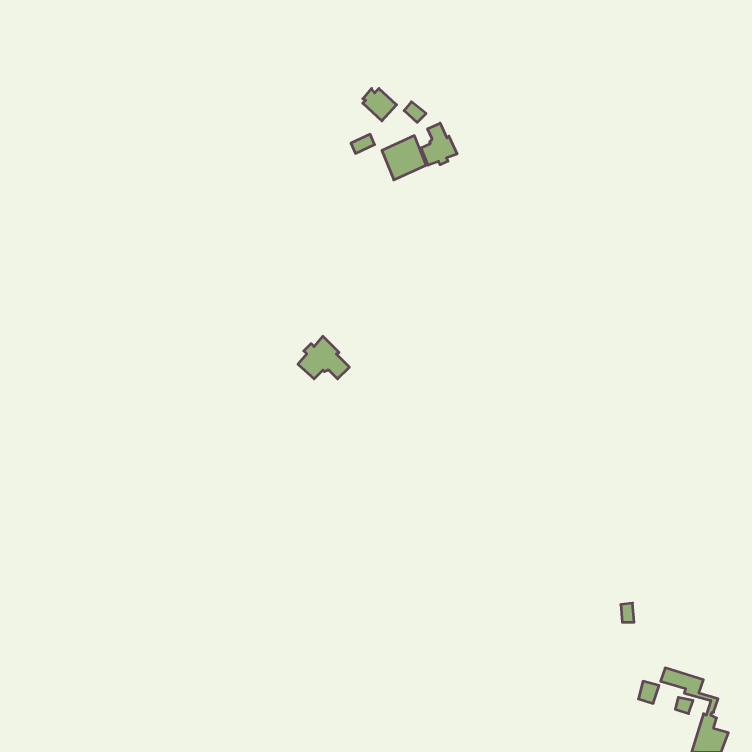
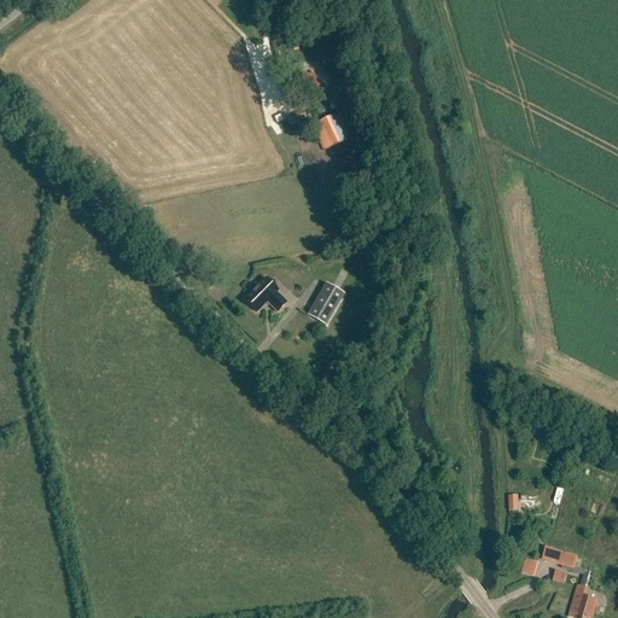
building: [421,123,457,165] -> none
building: none -> [307,281,345,325]

